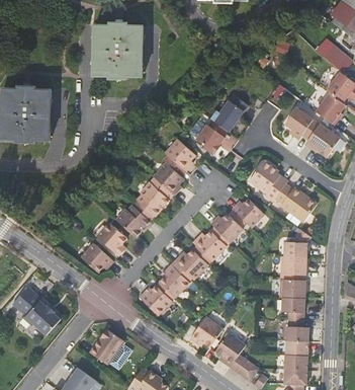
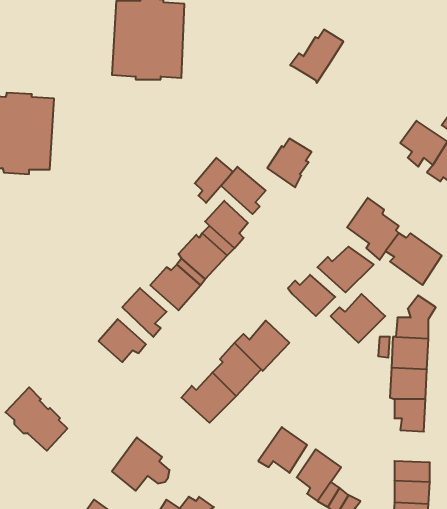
building: [209,95,246,132] -> [290,30,343,83]
building: none -> [195,158,233,203]
building: [192,227,230,260] -> [331,294,385,343]
building: [283,320,308,342] -> none

